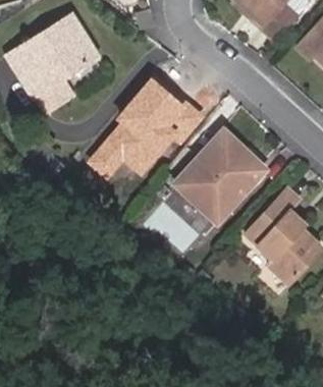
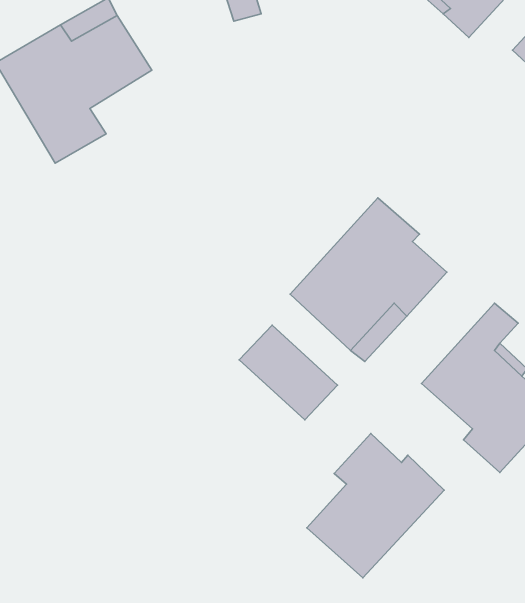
building: [89,73,204,178] -> none
building: none -> [307,434,444,578]

